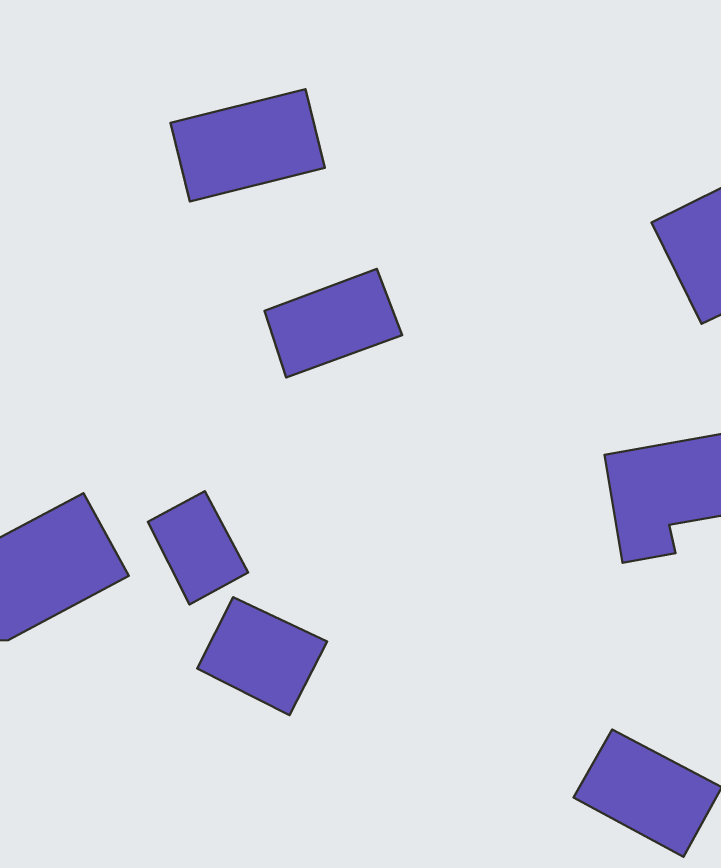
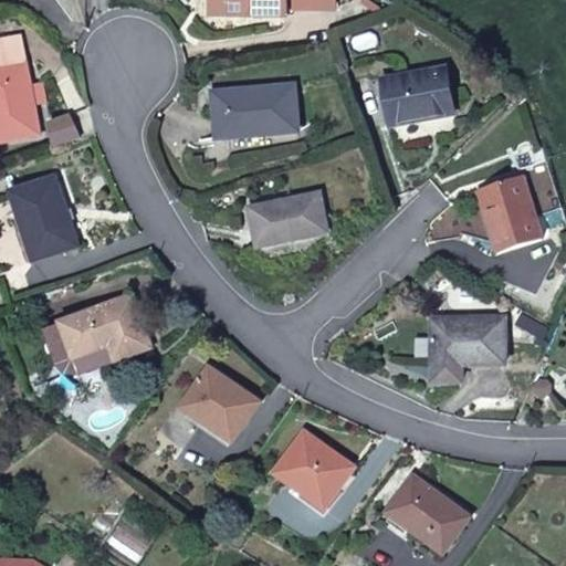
building: none -> [381,67,452,124]
building: [148,491,248,605] -> none
building: none -> [275,430,353,506]

